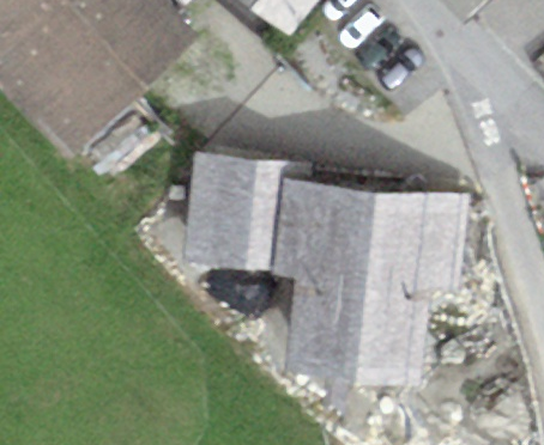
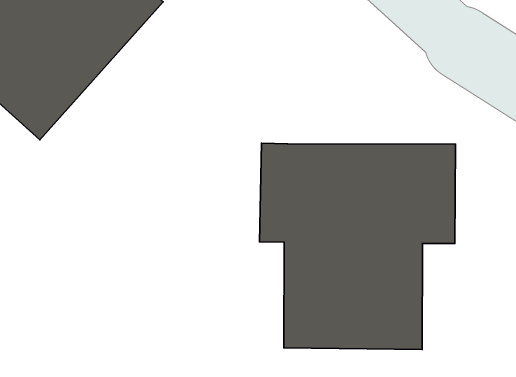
building: [185,151,308,273] -> none

